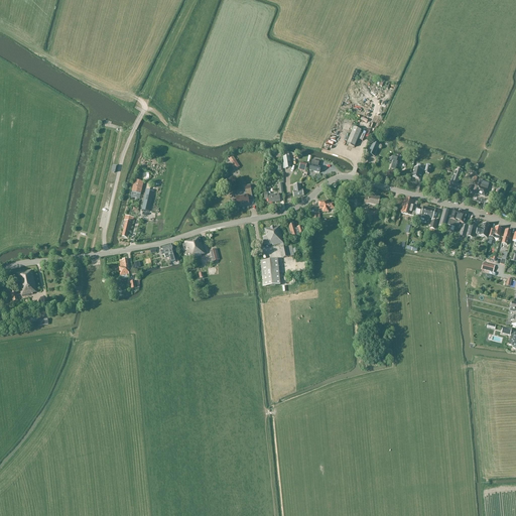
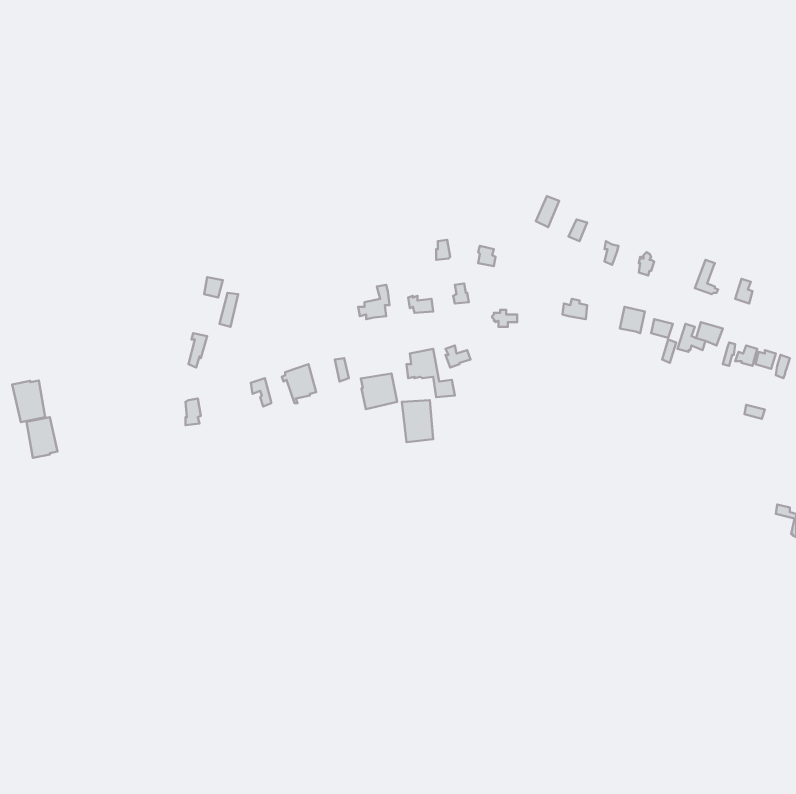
building: none -> [361,373,397,409]
building: none -> [12,381,45,422]

